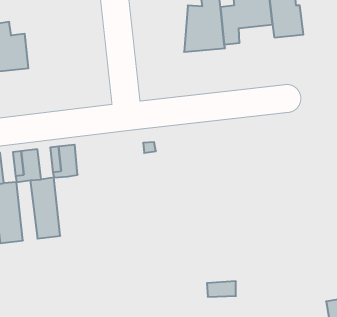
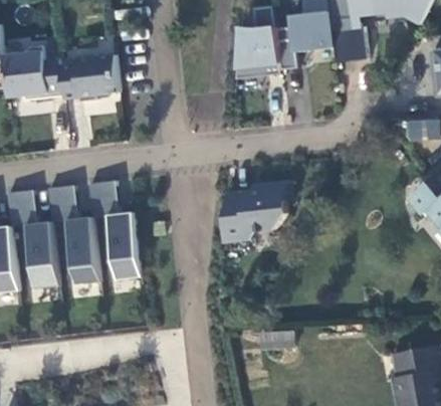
building: none -> [60,53,119,100]
building: none -> [221,180,290,241]
building: none -> [106,211,140,278]

